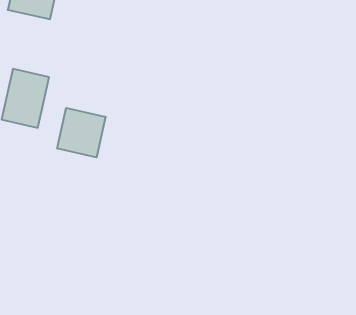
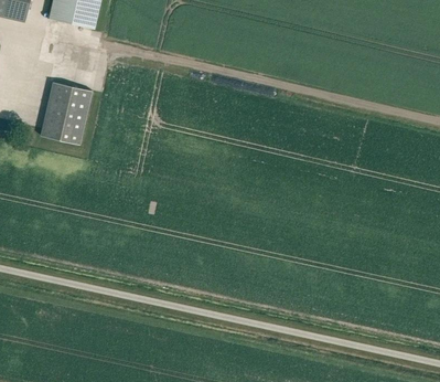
building: [57,108,106,157] -> none

